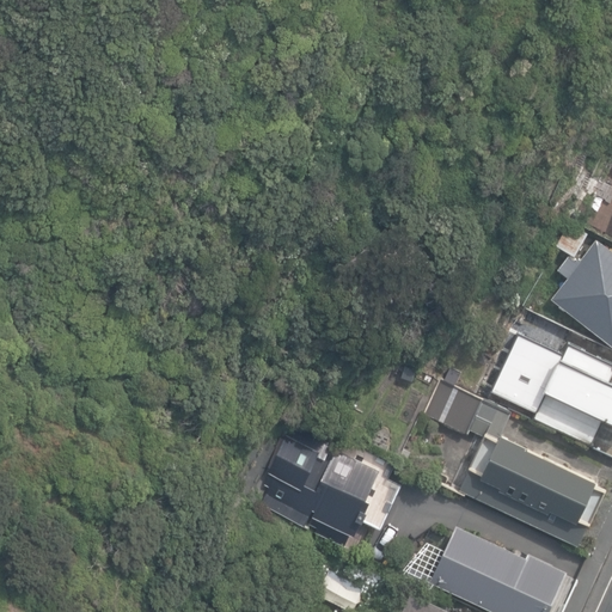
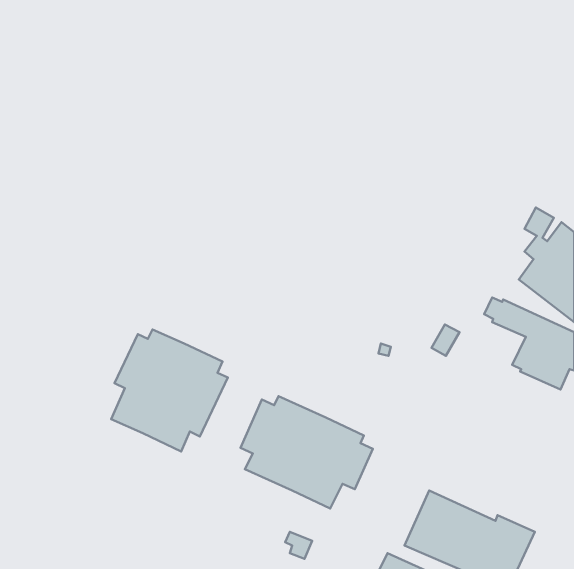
building: none -> [111,329,228,451]
building: [427,382,605,547] -> none

